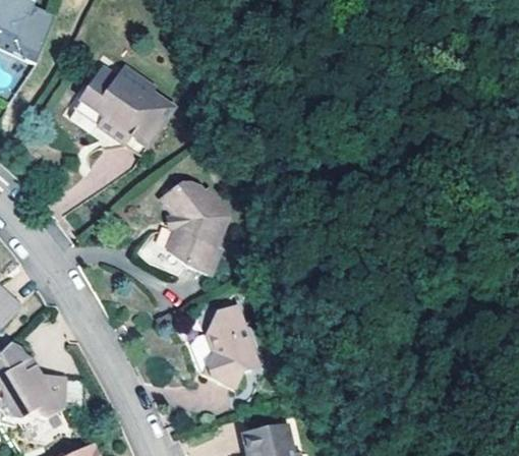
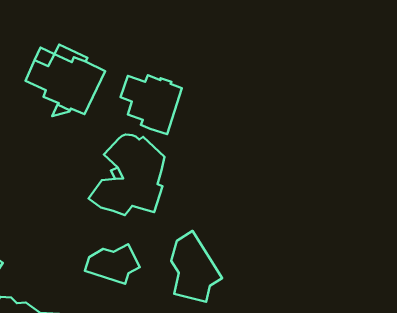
building: none -> [120,75,182,134]
building: none -> [85,244,140,284]

